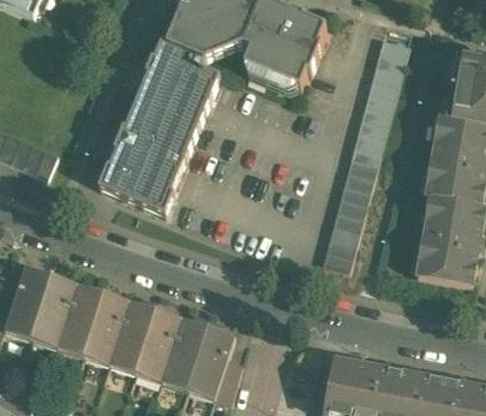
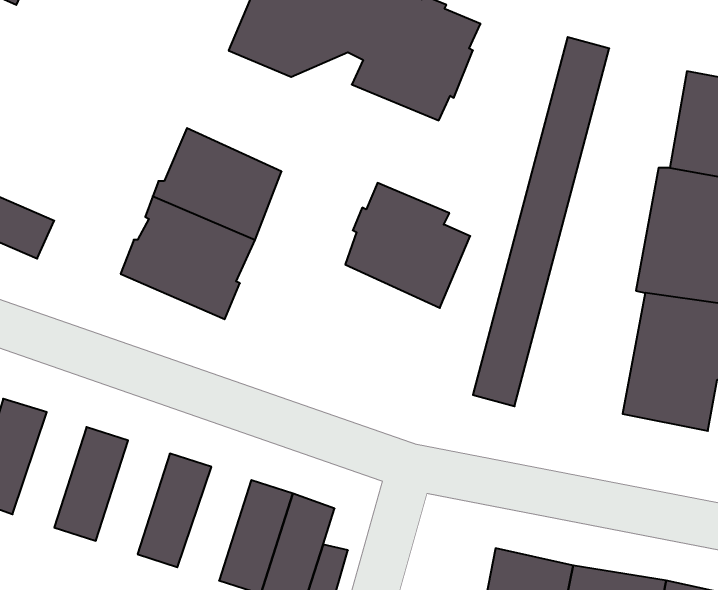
building: [140,42,220,121] -> [345,183,470,308]
building: [30,274,77,347] -> none
building: [83,292,130,364] -> none
building: [134,309,181,381] -> none

